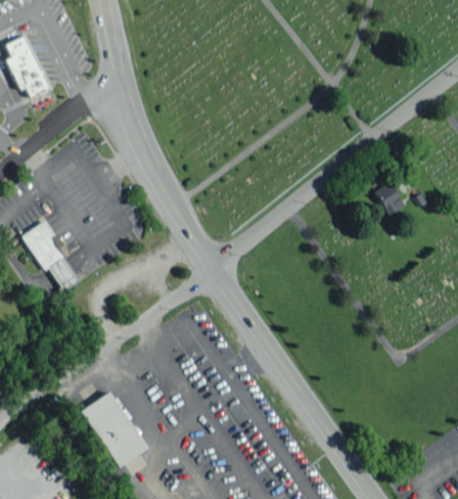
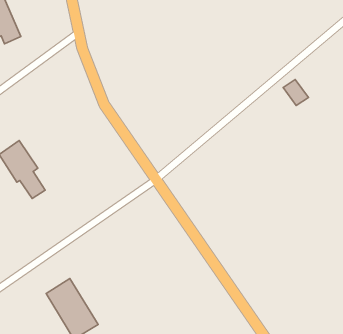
building: [373,182,405,215] -> [283,79,308,106]

